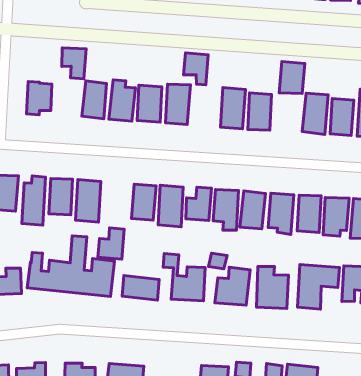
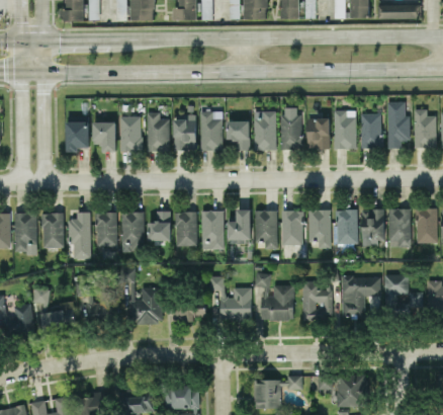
building: [62,48,86,79] -> [92,121,115,151]
building: [184,53,208,85] -> [227,120,249,150]
building: [279,62,305,94] -> [306,118,329,149]
building: [98,228,124,259] -> [147,212,170,241]

